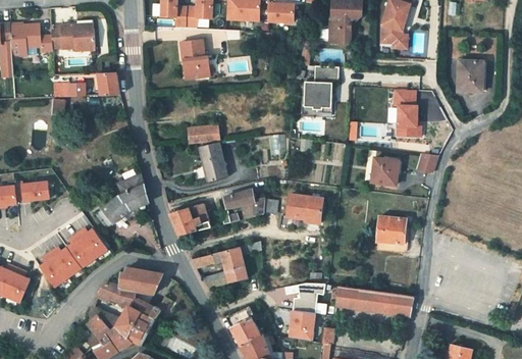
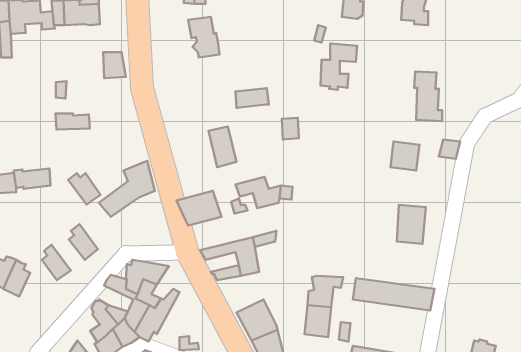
building: [456,60,484,91] -> none
building: [53,83,86,98] -> [56,113,90,130]
building: [188,125,219,144] -> [236,88,269,108]
building: [286,196,322,219] -> none
building: [76,229,107,259] -> [68,173,101,205]
building: [50,249,82,279] -> none

